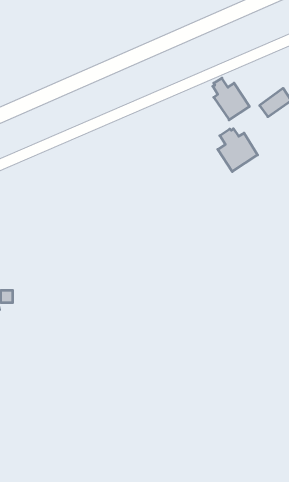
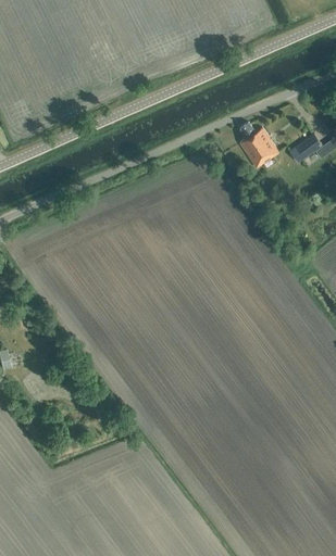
building: [218,129,258,172] -> none

